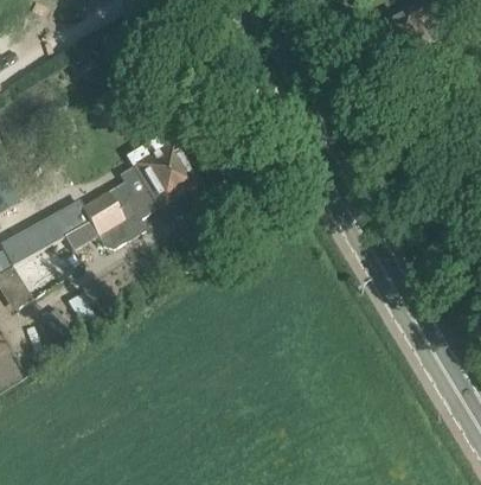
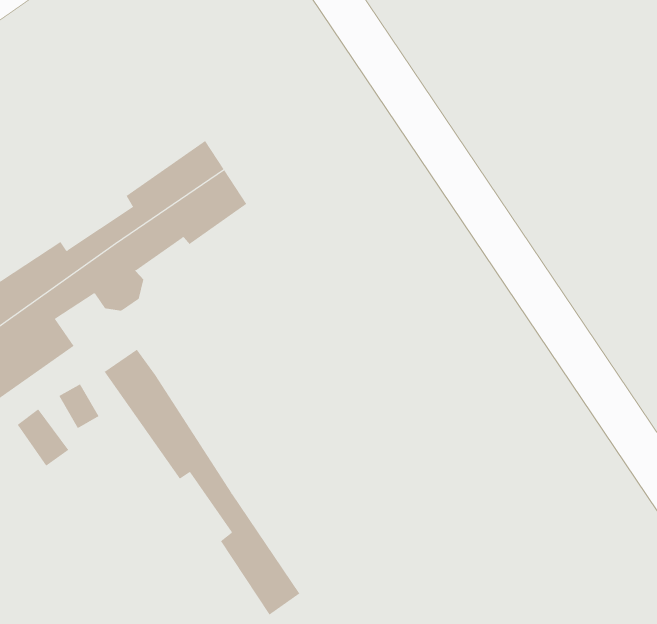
building: none -> [104,349,300,616]

